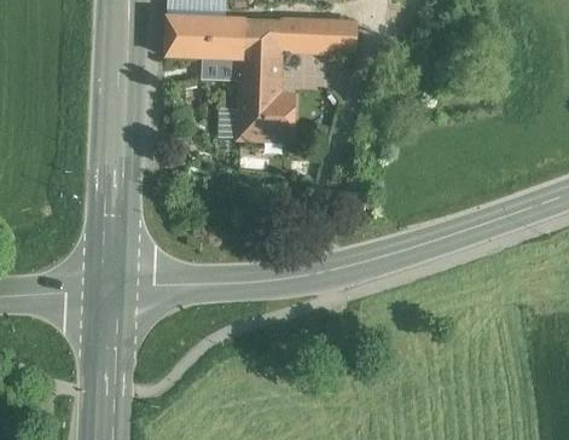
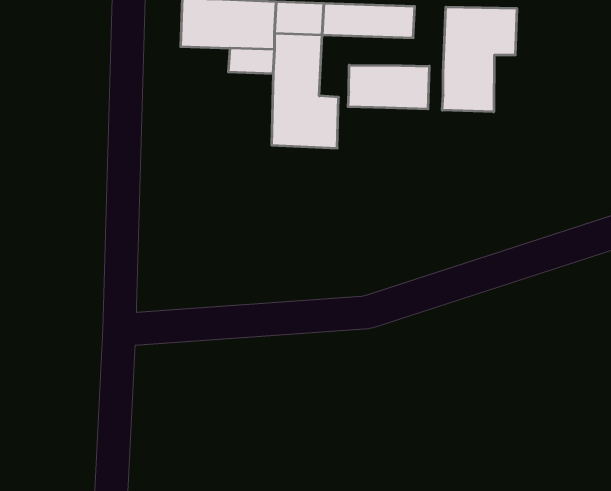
building: none -> [442,7,517,112]
building: none -> [348,65,429,109]

